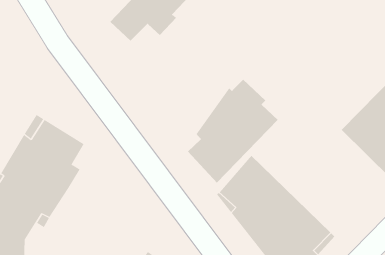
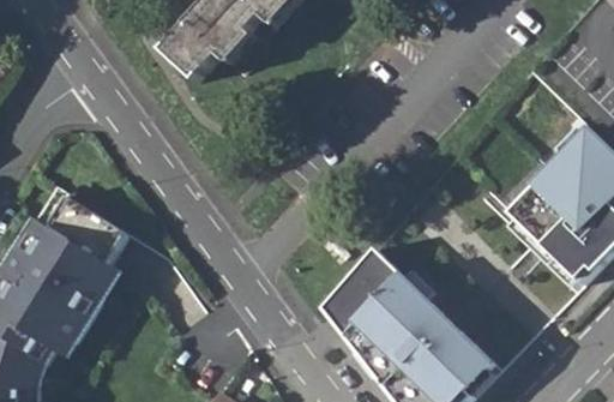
building: [187,79,278,184] -> none

